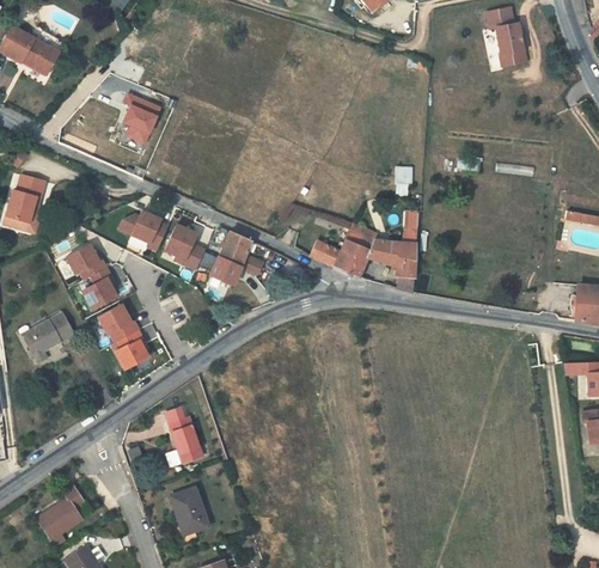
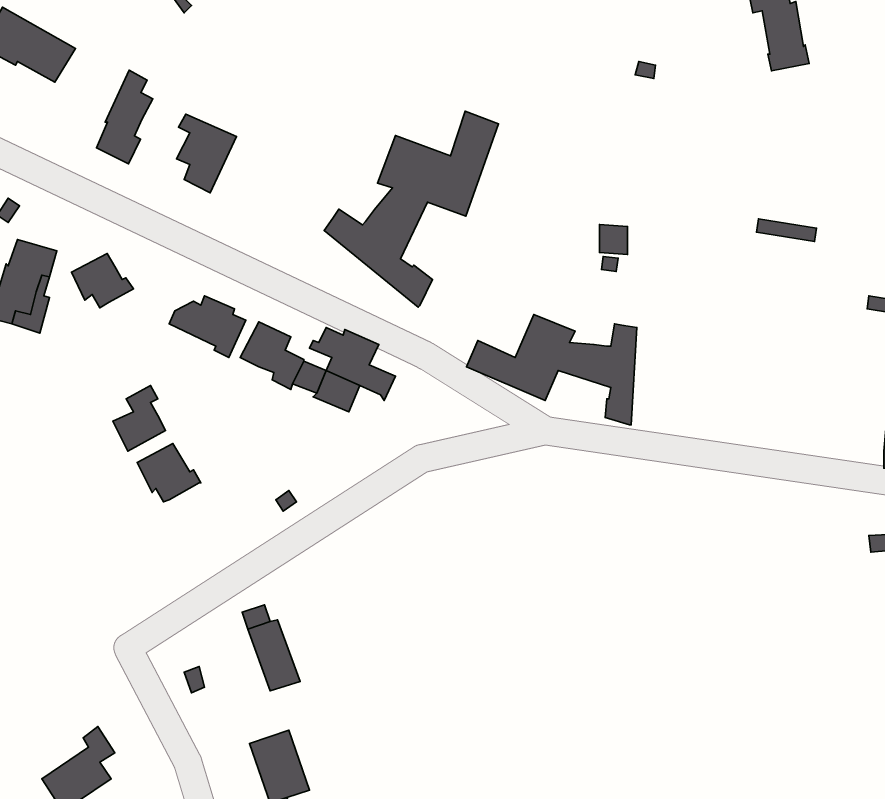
building: none -> [97,70,153,164]
building: none -> [324,111,499,307]
building: [67,245,106,280] -> [72,253,133,308]
building: [23,312,74,364] -> none
building: [115,330,148,369] -> none

